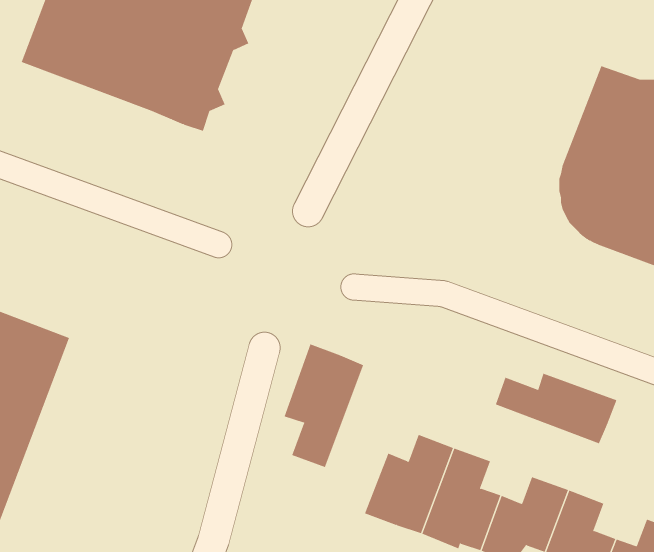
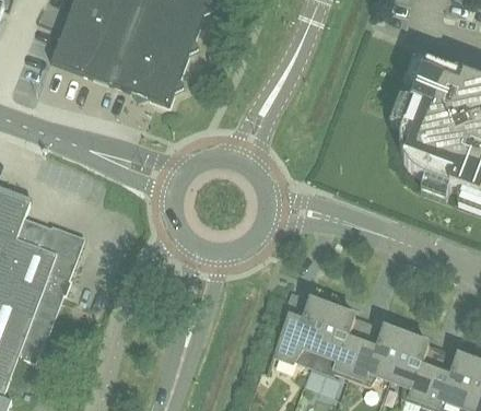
building: [284,343,364,468] -> none
building: [495,373,617,444] -> none

